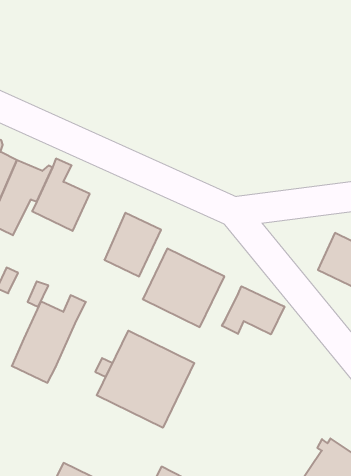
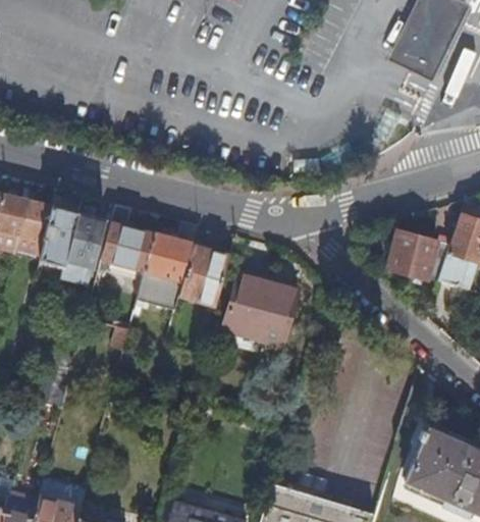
building: [222,286,284,334] -> none
building: [12,295,86,383] -> [137,221,198,310]
building: [97,331,194,428] -> none

